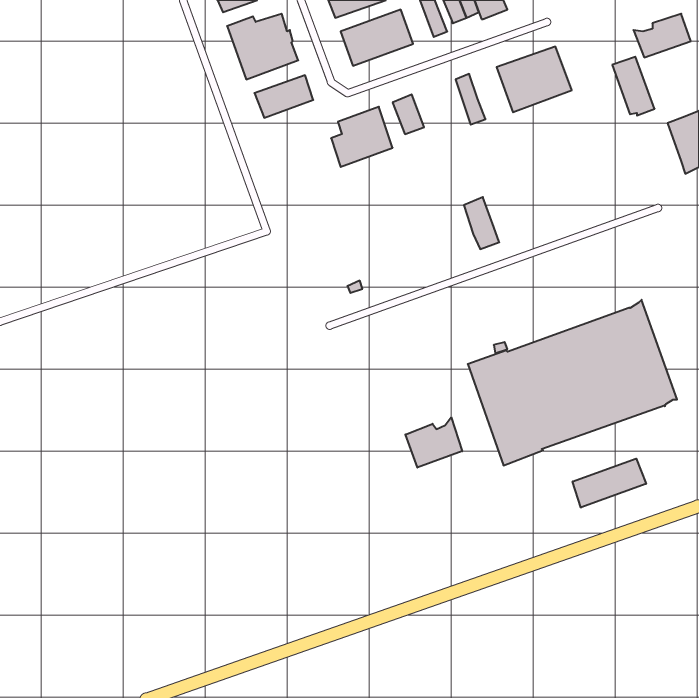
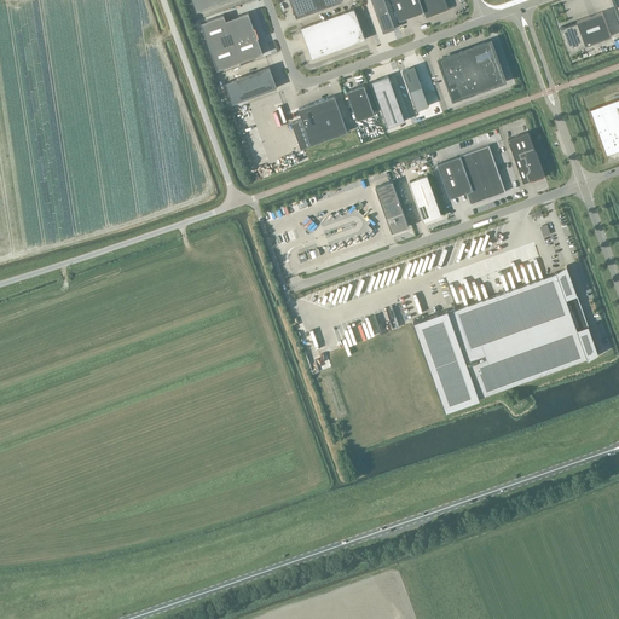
building: [612,57,655,116] -> [508,132,545,184]
building: none -> [371,76,405,128]
building: none -> [438,146,505,204]
building: none -> [376,181,409,233]
building: [405,417,462,468] -> none
building: [573,459,646,508] -> none

